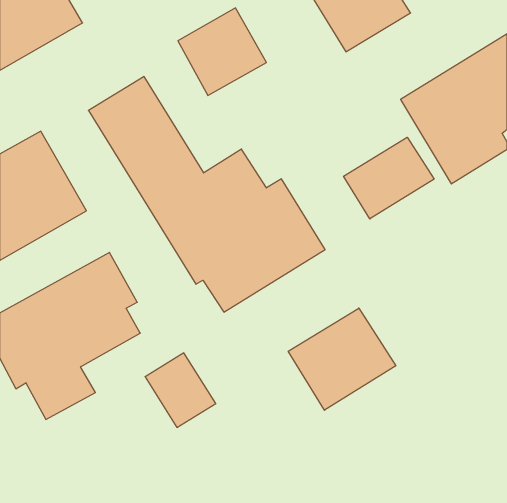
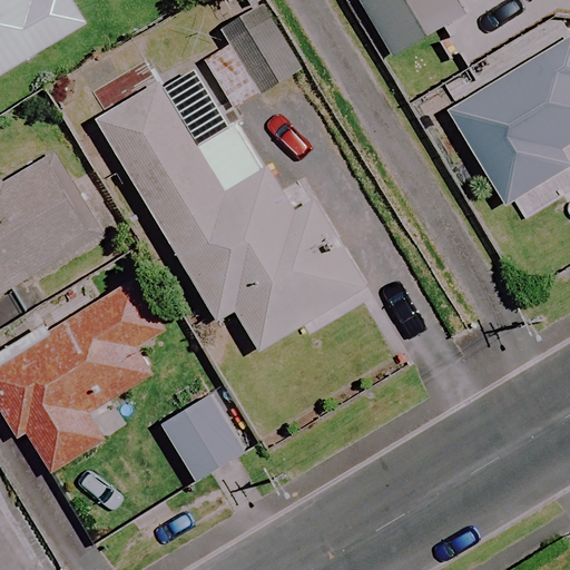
building: [344,137,434,219] -> none
building: [288,308,396,410] -> none

